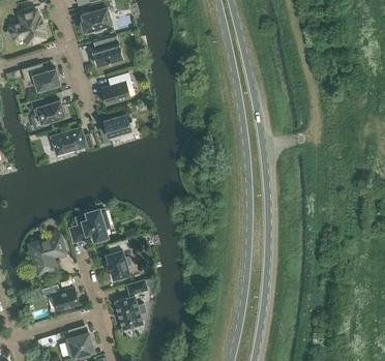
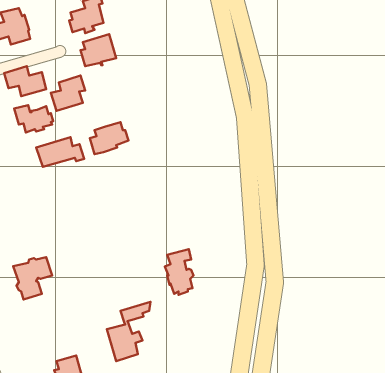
building: [100,73,131,106] -> [51,76,85,111]
building: [70,210,109,242] -> none
building: [105,240,130,281] -> [165,249,193,295]
building: [41,285,79,311] -> none

